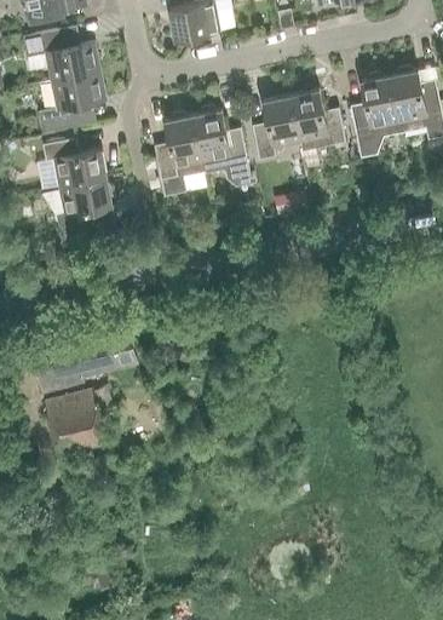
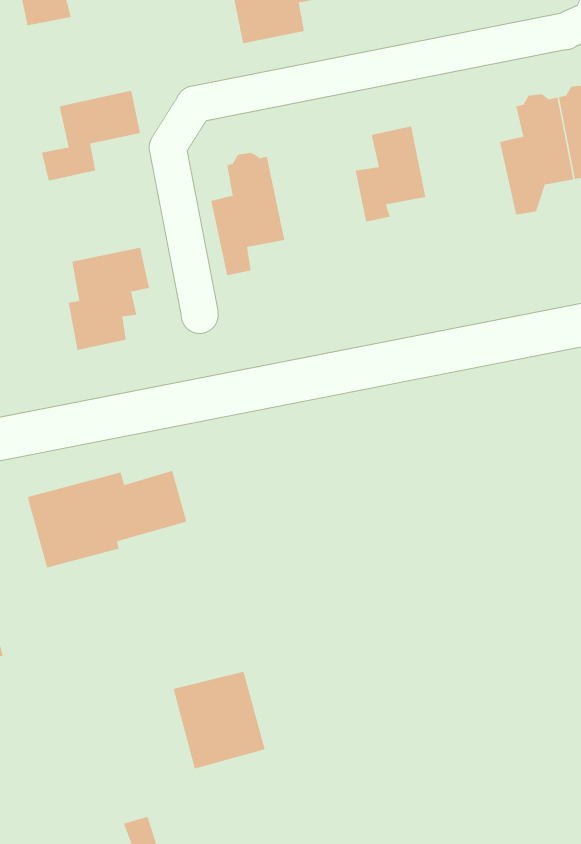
building: [24,30,100,81] -> none
building: [290,90,345,150] -> none
building: [192,107,251,184] -> none
building: [42,138,107,186] -> none
building: [45,390,108,457] -> [173,671,265,769]

